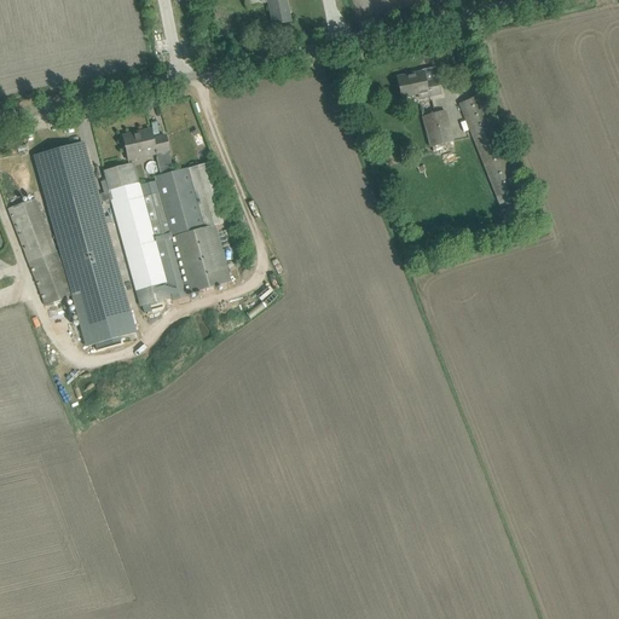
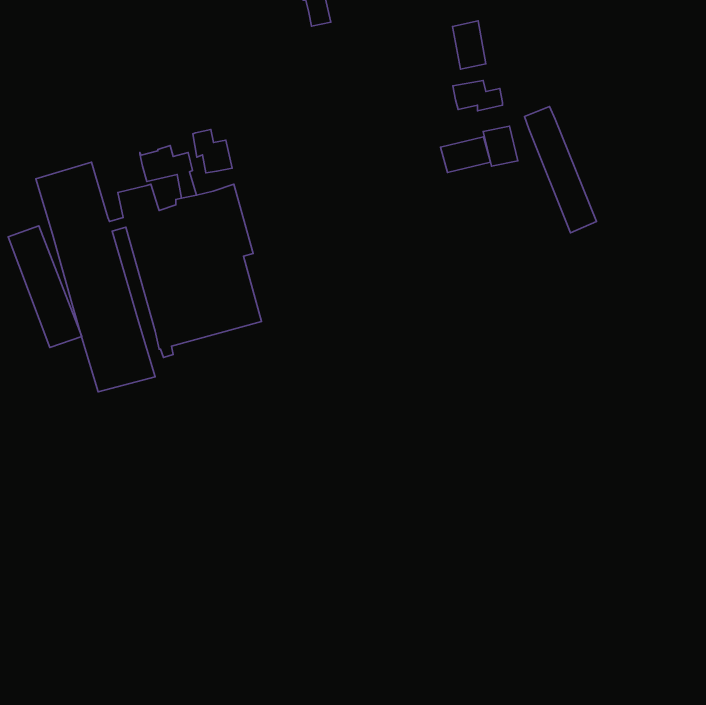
building: none -> [453,21,486,69]
building: none -> [193,130,232,173]
building: none -> [441,137,490,172]

